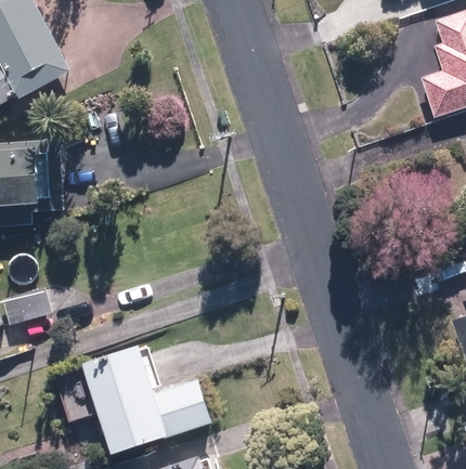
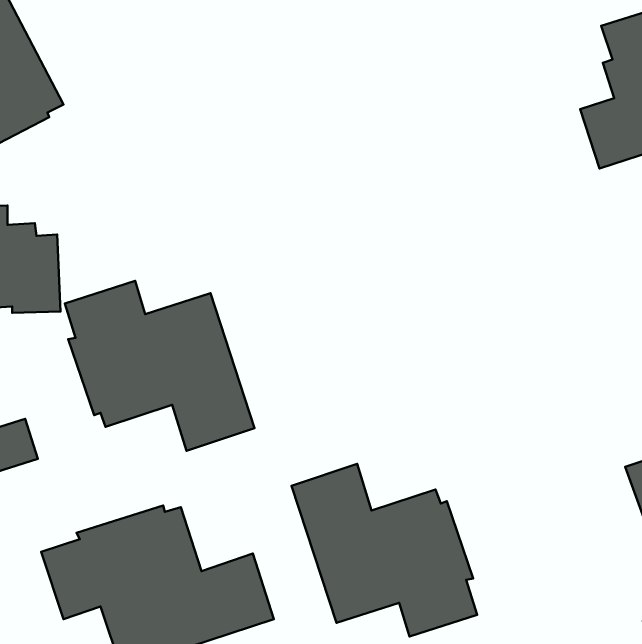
building: none -> [65,281,254,451]
building: none -> [292,464,477,636]

